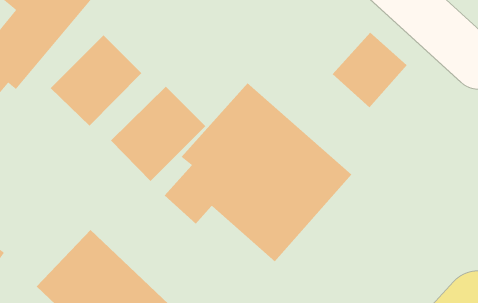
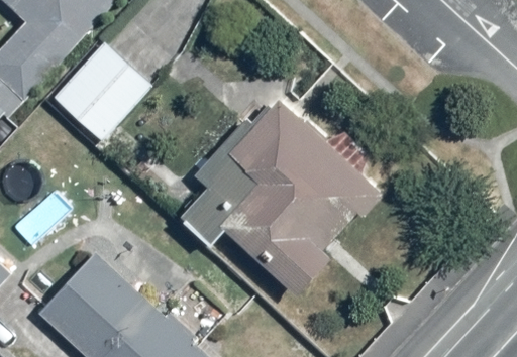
building: [332,32,408,108] -> none
building: [110,86,206,182] -> none

